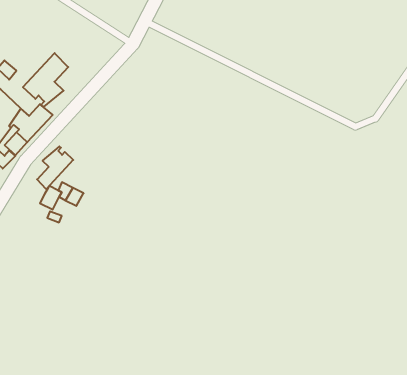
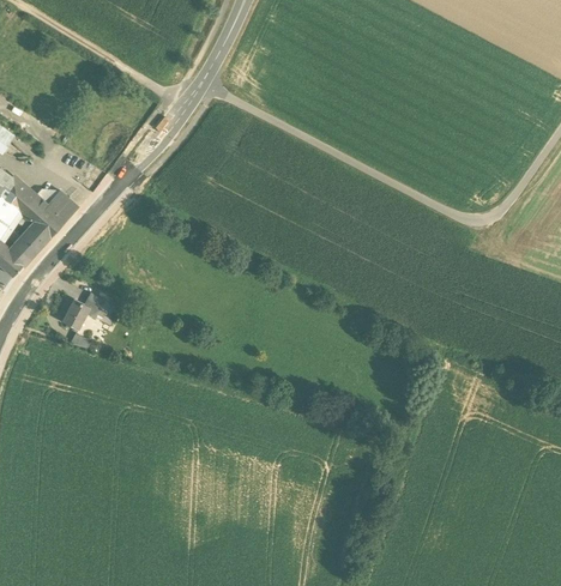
building: [23,53,68,107] -> none
building: [37,146,73,189] -> none

